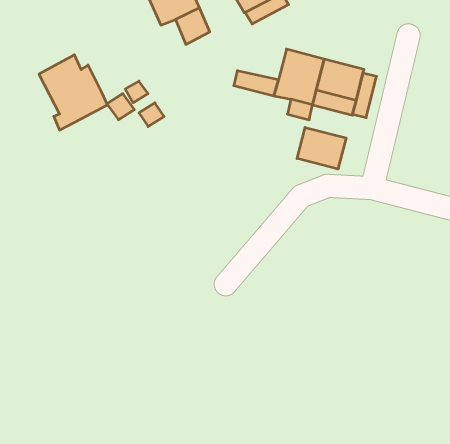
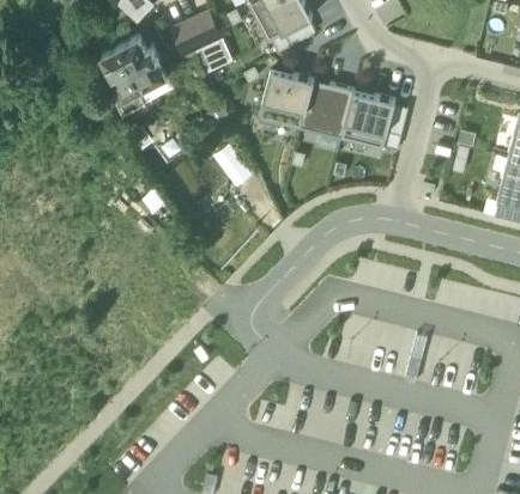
building: none -> [261,68,313,111]
building: [39,55,108,130] -> [101,33,173,112]
building: [297,127,346,169] -> none

